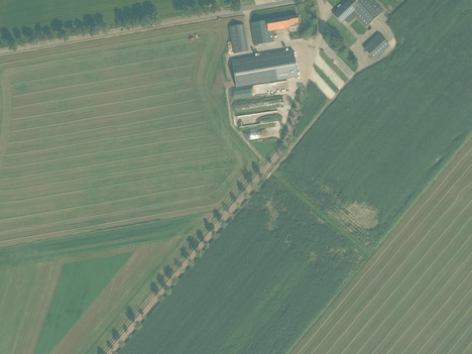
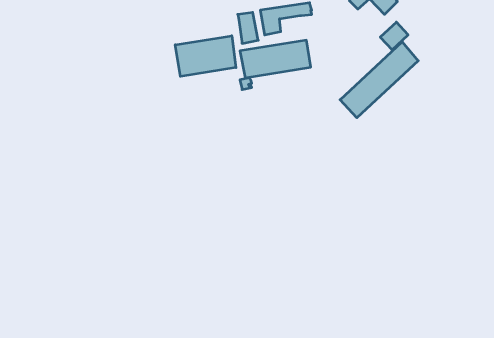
building: none -> [175,36,236,76]
building: none -> [340,42,418,118]

